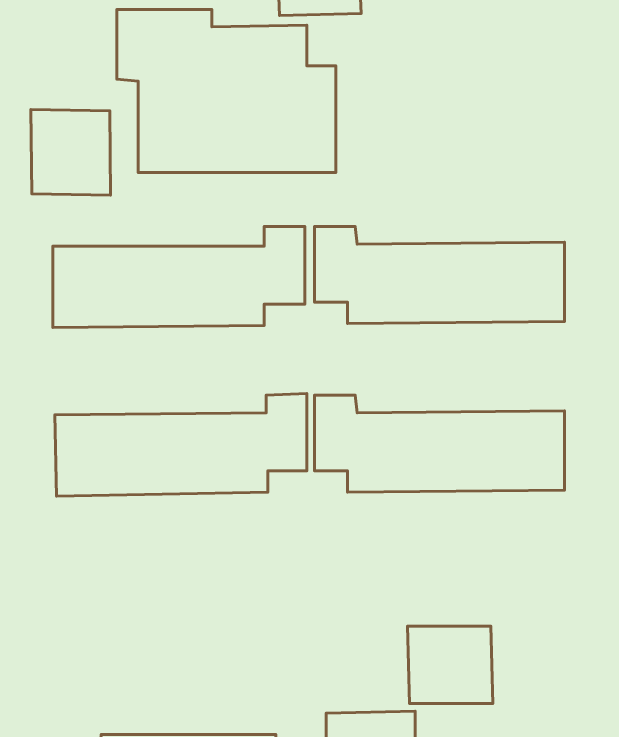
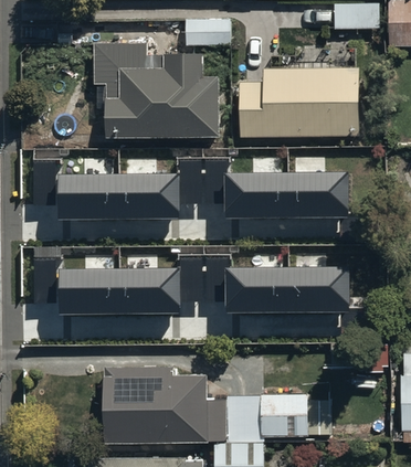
building: none -> [240,67,359,135]
building: [31,110,111,195] -> none
building: none -> [104,363,226,441]

